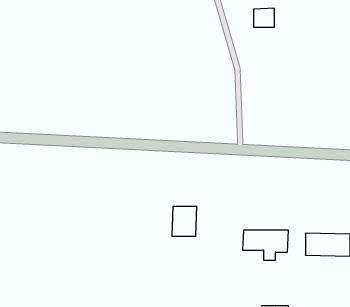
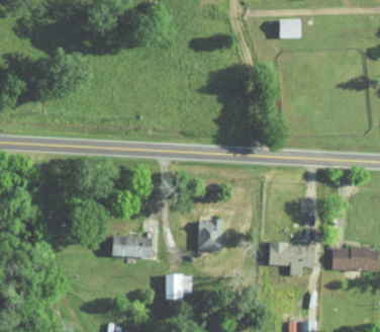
building: none -> [112,235,152,257]
building: none -> [165,274,191,300]

